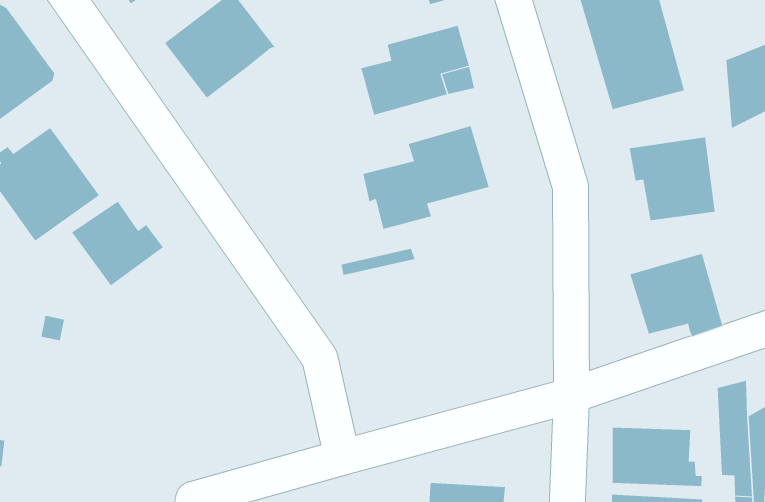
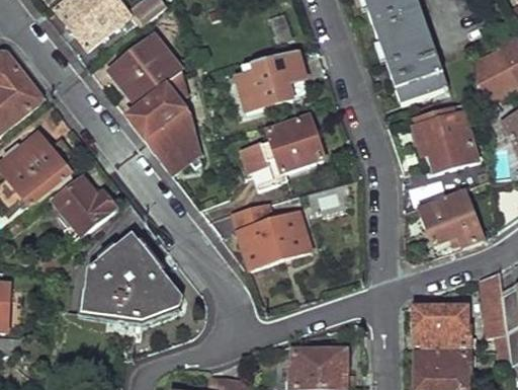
building: none -> [128,72,197,173]
building: none -> [237,210,312,265]
building: none -> [83,234,180,325]

